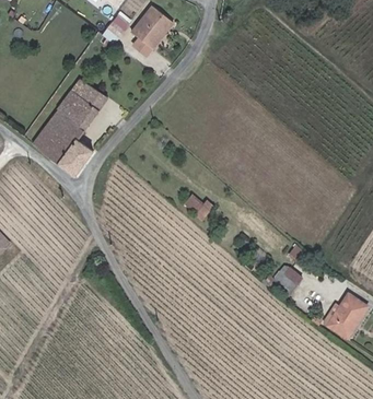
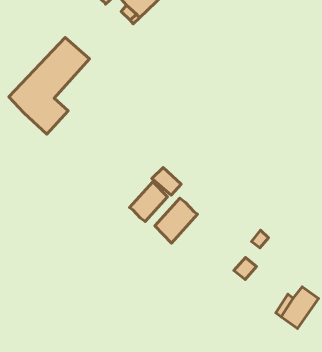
building: none -> [130,182,167,221]
building: none -> [155,198,198,243]

